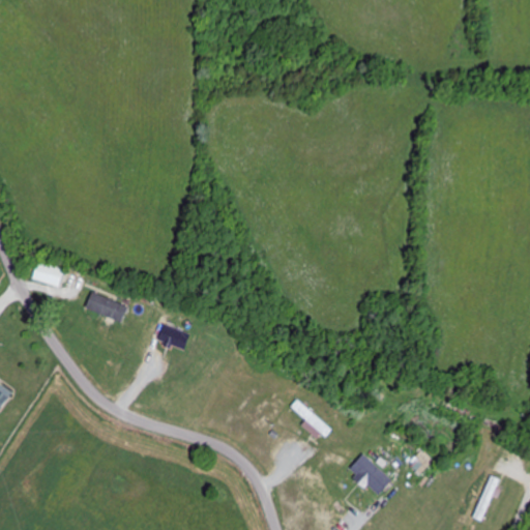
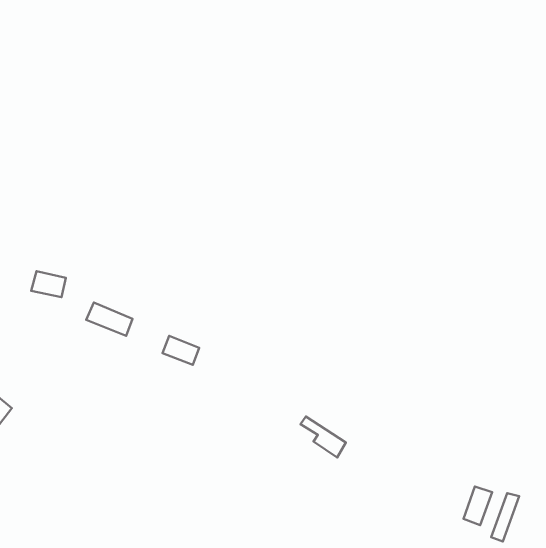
building: [348,452,392,497] -> none
building: none -> [464,486,492,525]

